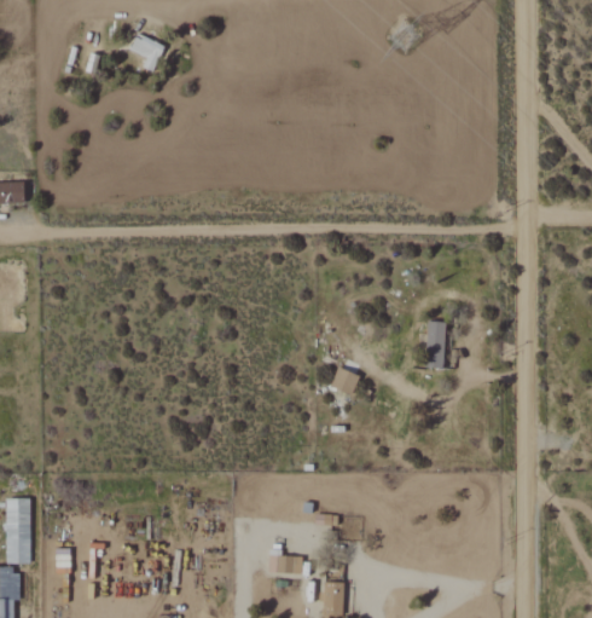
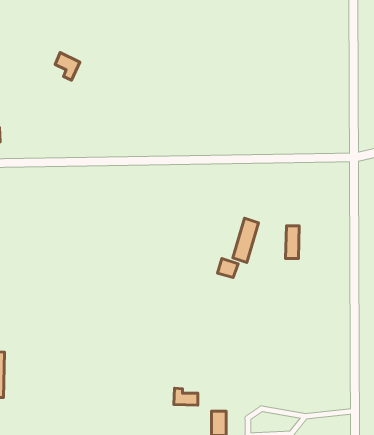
building: [130,33,166,71] -> [55,53,80,80]
building: none -> [233,218,259,263]

